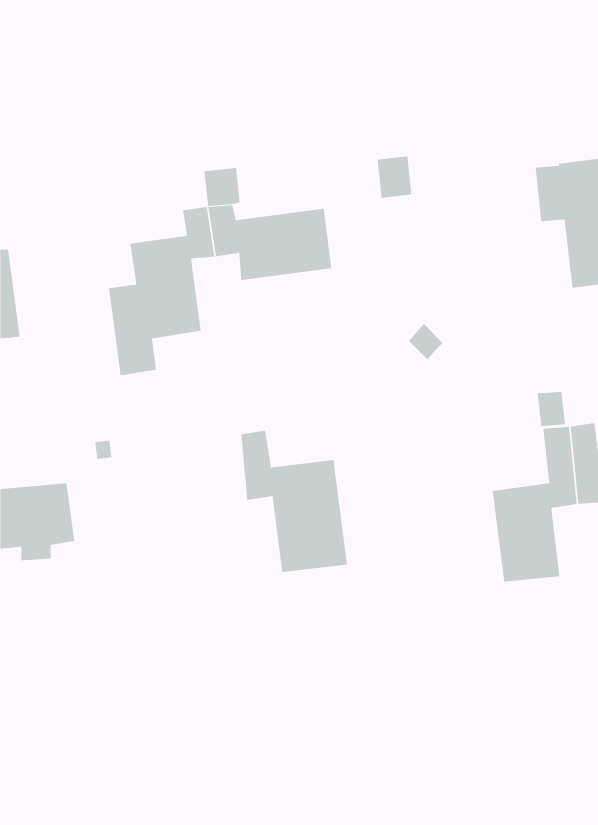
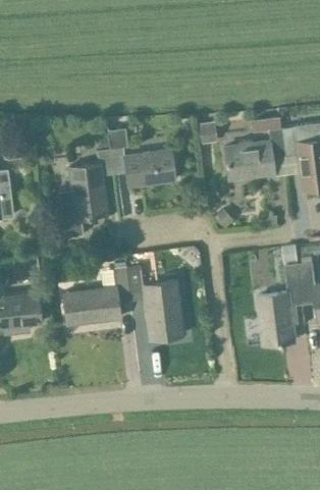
building: none -> [223,118,285,180]
building: none -> [61,268,129,326]

